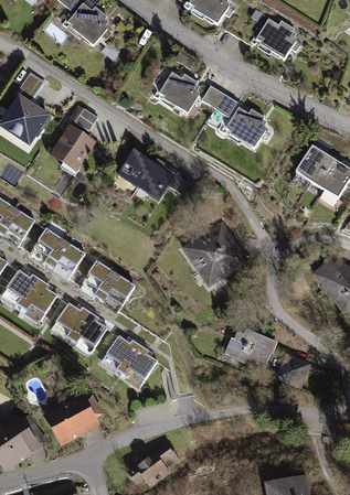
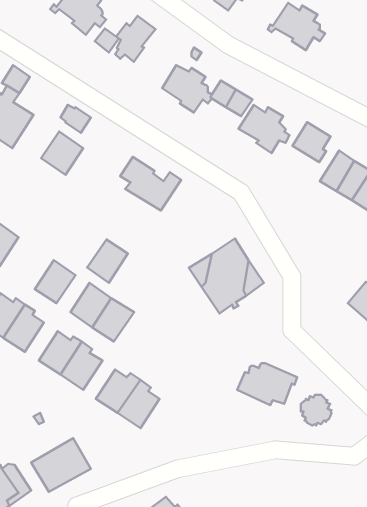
building: none -> [115,16,156,62]
building: none -> [293,122,331,162]
building: [30,229,65,267] -> [87,240,128,283]

